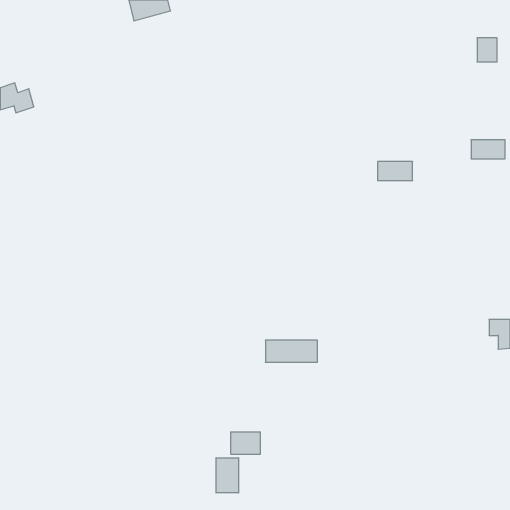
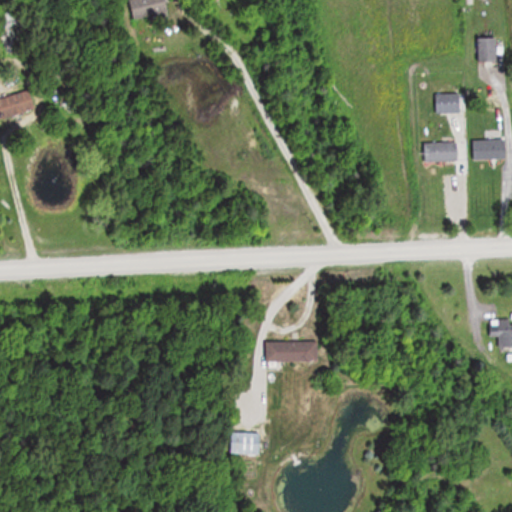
building: none -> [435,93,462,113]
building: [378,162,413,181] -> [424,142,459,161]
building: [216,458,239,493] -> none

